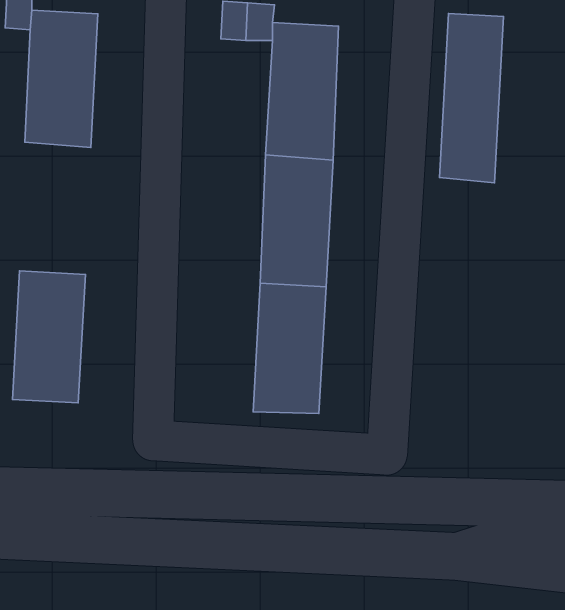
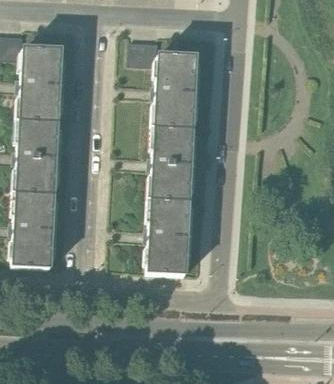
building: [440,13,503,183] -> none
building: none -> [17,119,57,193]

